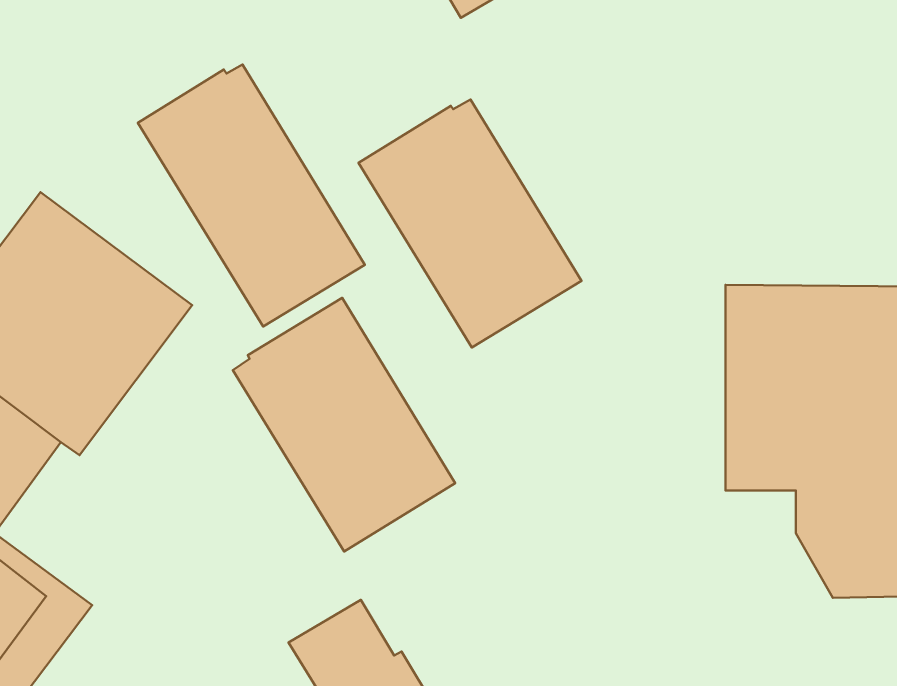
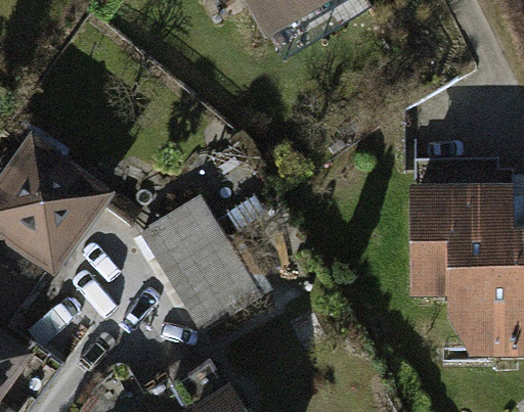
building: [138,65,365,327] -> none
building: [358,99,582,348] -> none

